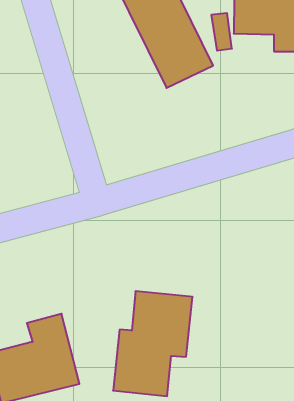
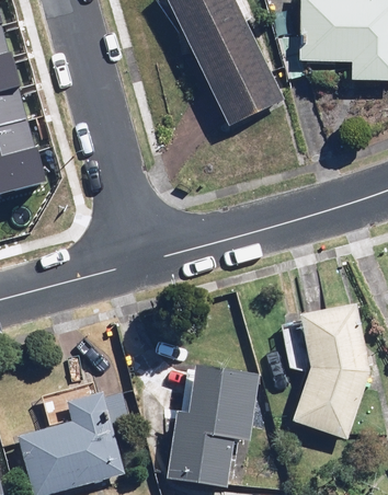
building: none -> [284,303,369,438]

